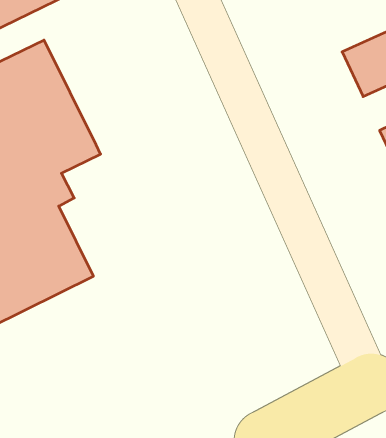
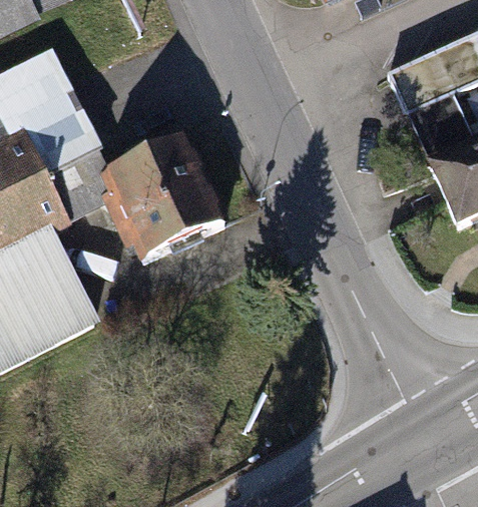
building: none -> [110,124,249,260]

